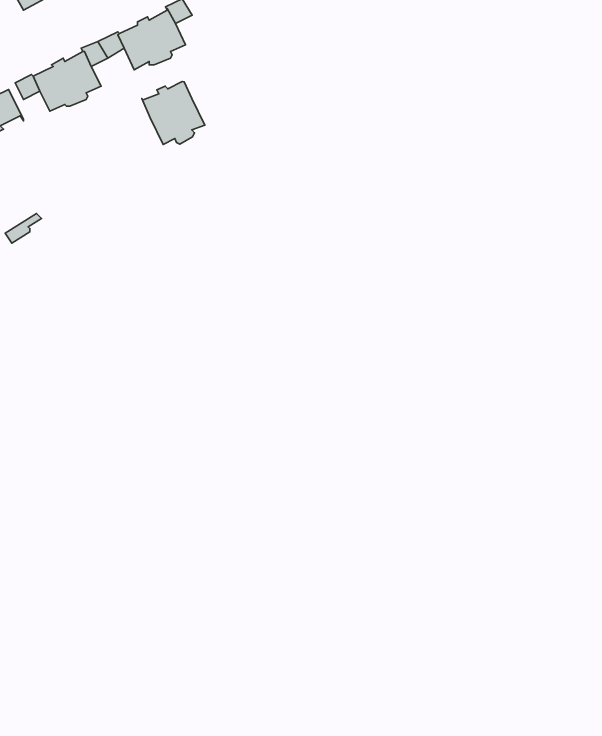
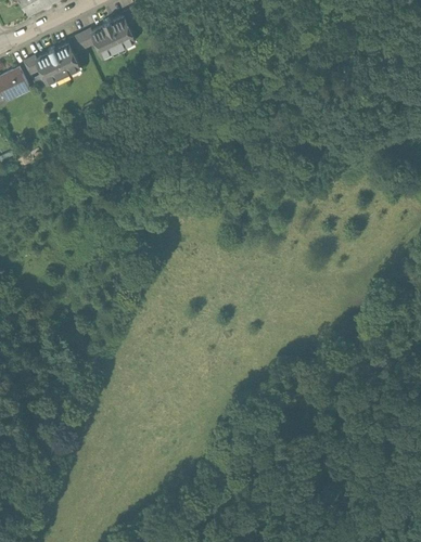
building: [142,82,205,145] -> none

